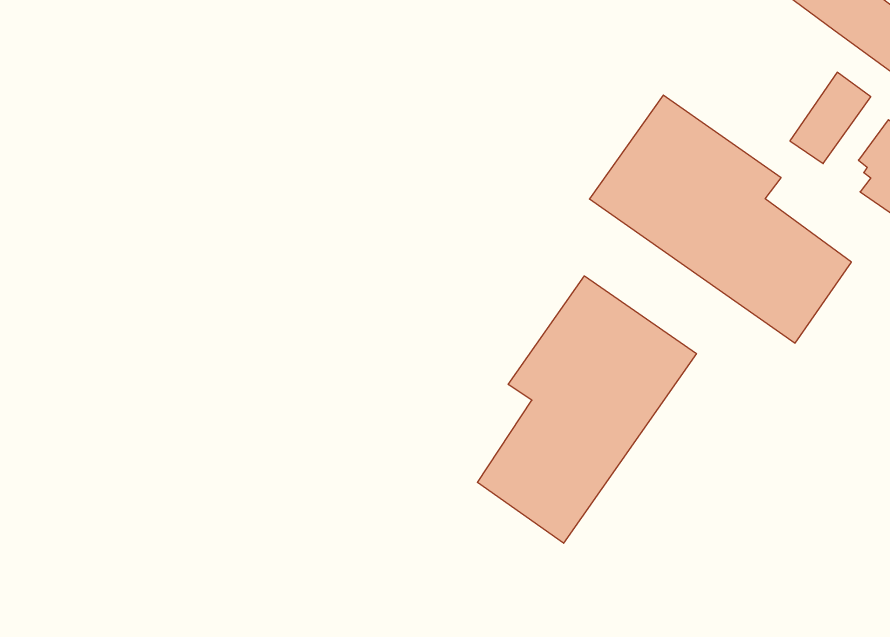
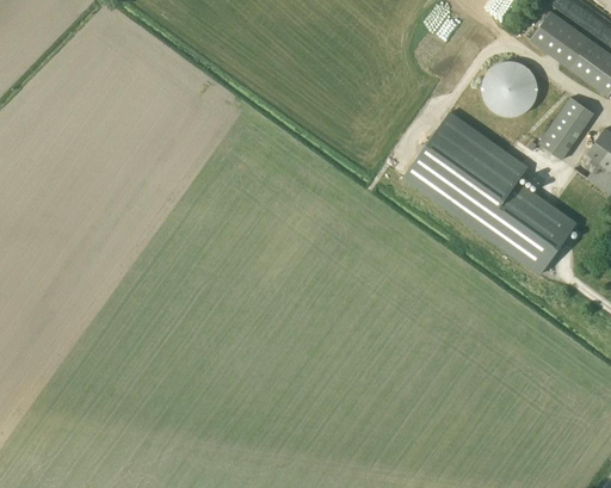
building: none -> [481,61,533,116]
building: [477,276,696,543] -> none

